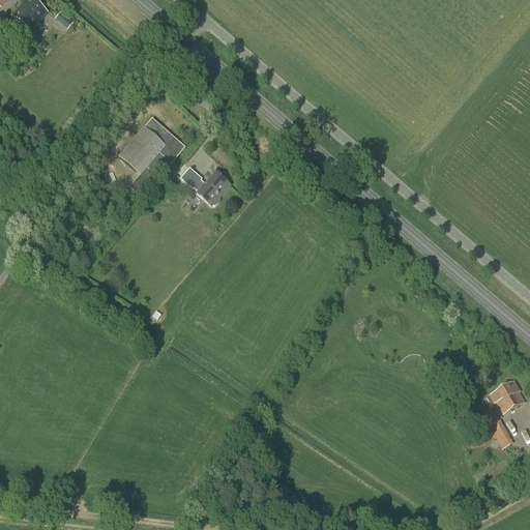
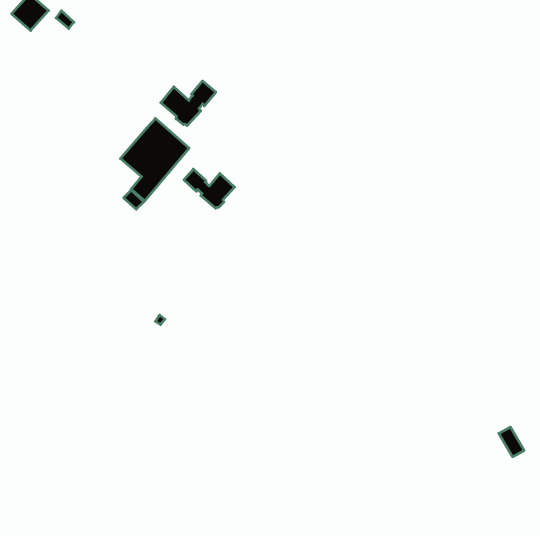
building: none -> [161,81,216,126]
building: [489,379,525,413] -> none

